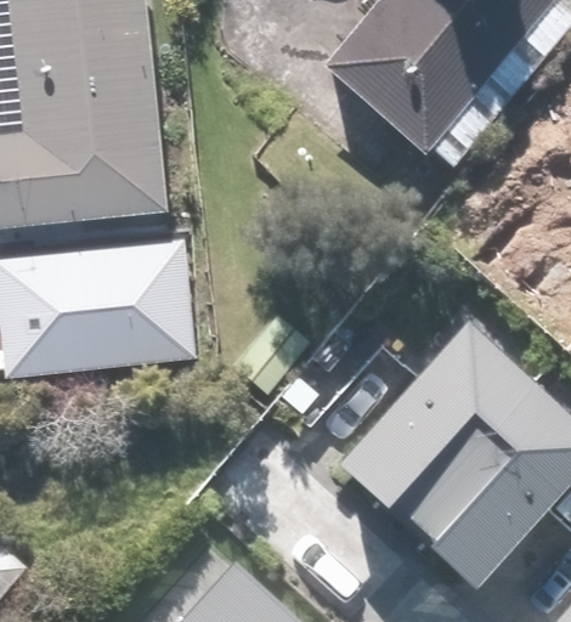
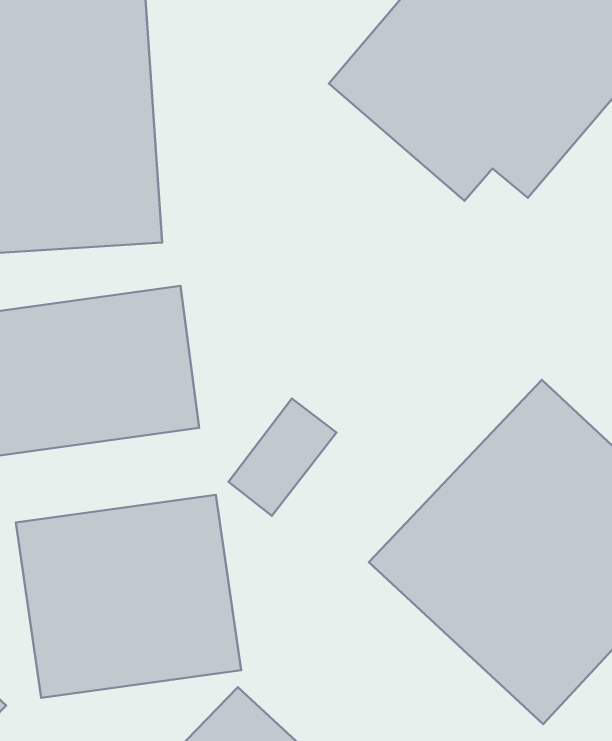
building: none -> [16,495,241,698]

